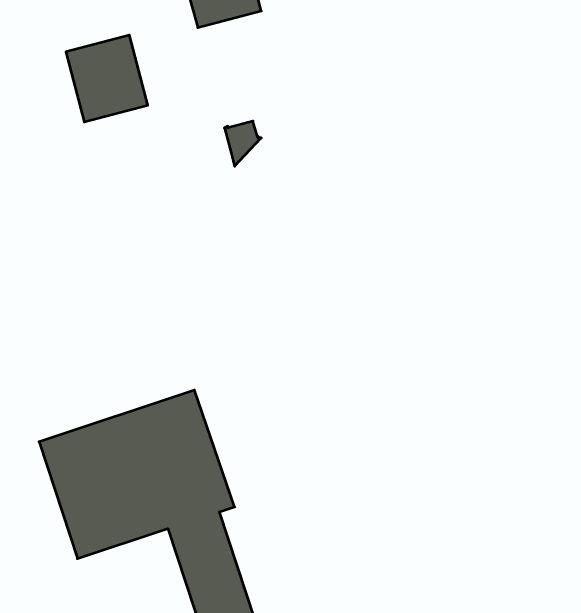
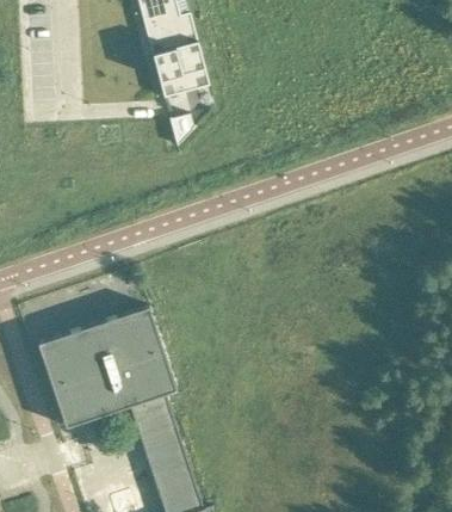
building: [66,35,148,122] -> [150,36,209,98]

